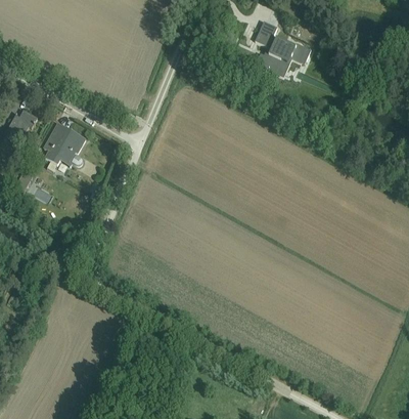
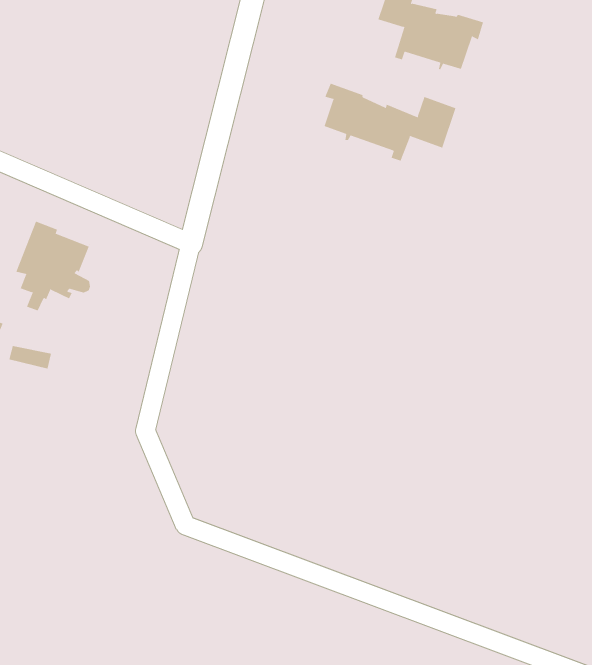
building: none -> [324,83,456,162]

